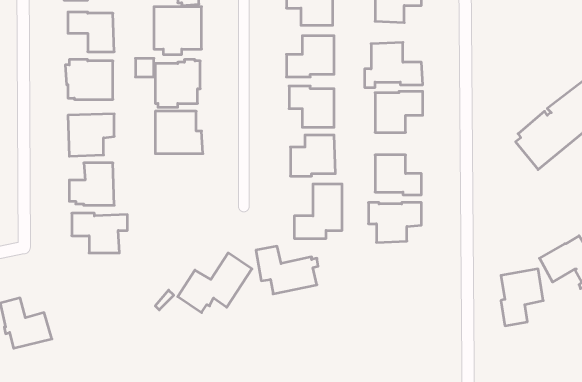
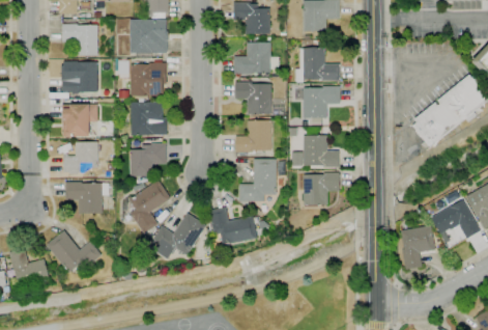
building: none -> [131,142,166,176]
building: none -> [128,180,171,233]
building: none -> [47,231,102,273]

